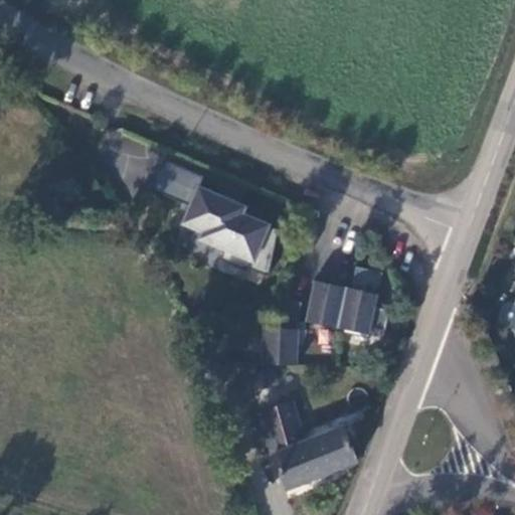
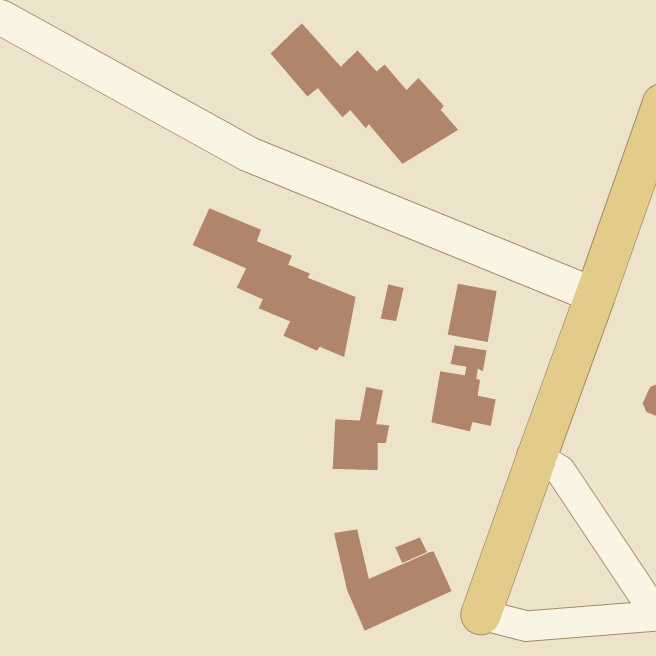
building: none -> [270,22,459,165]
building: [307,282,346,328] -> [447,283,497,343]

